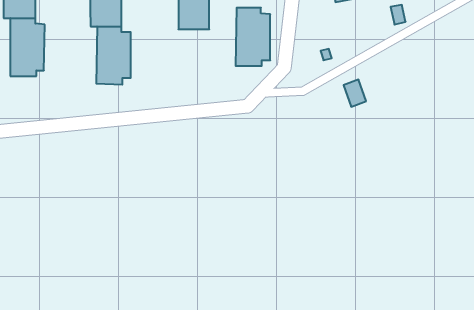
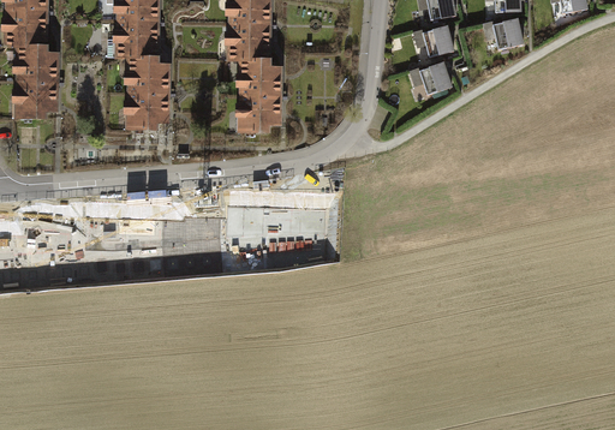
building: none -> [424,26,454,56]
building: [236,8,270,66] -> [237,56,281,131]
building: [344,80,366,107] -> [422,61,450,96]

